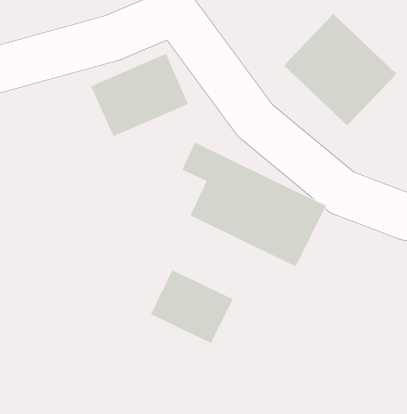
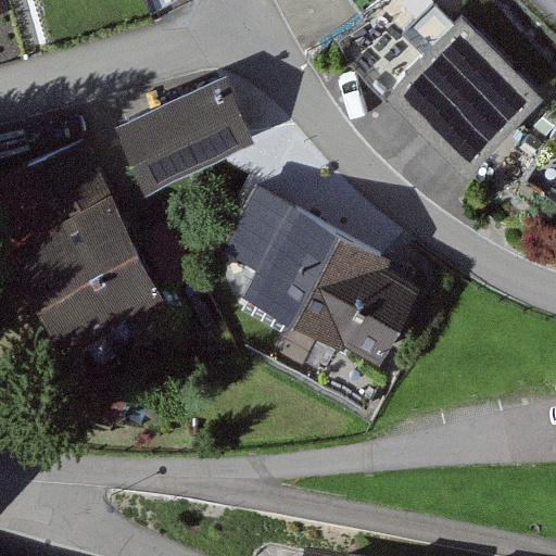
building: none -> [8,136,164,352]
building: [150,270,234,344] -> none

